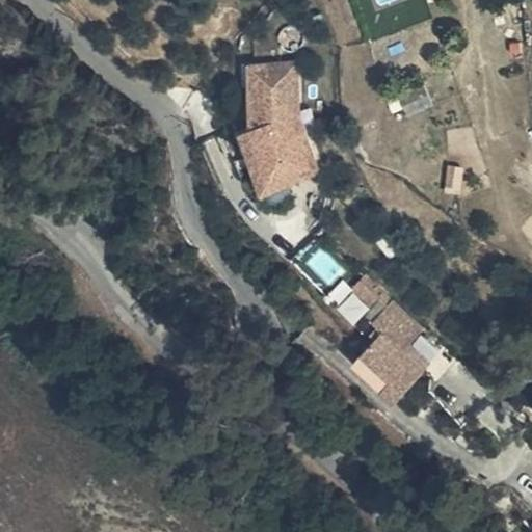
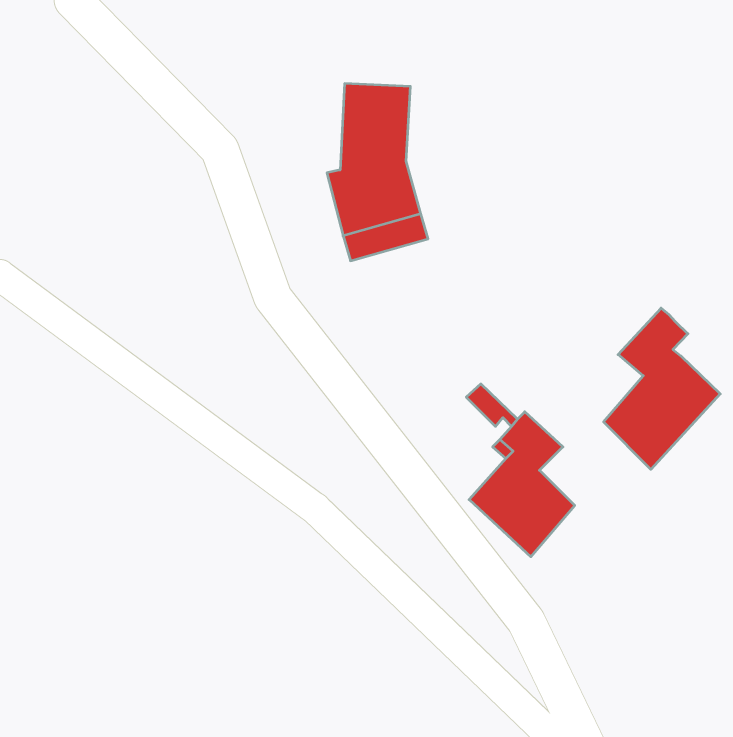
building: none -> [604,308,720,469]

